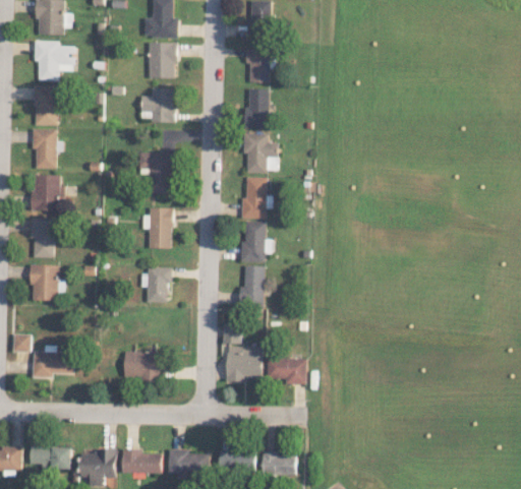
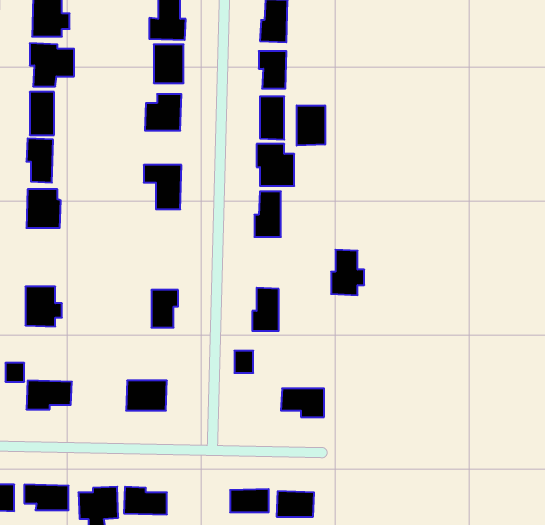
building: none -> [297,105,325,146]
building: [142,207,172,248] -> none
building: [30,218,54,257] -> none
building: [240,221,271,262] -> [331,250,364,295]
building: [226,346,262,381] -> none
building: [168,449,209,474] -> none

